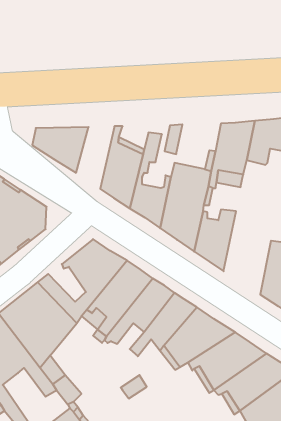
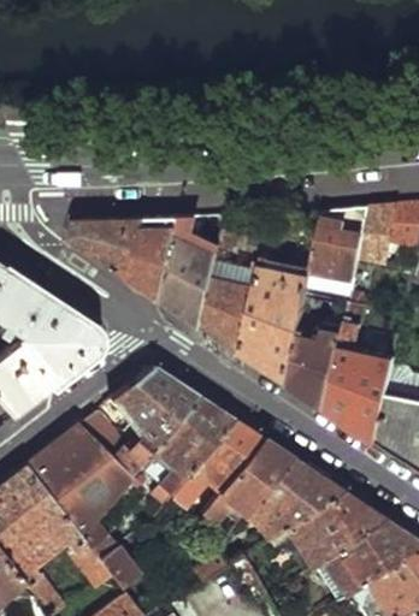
building: none -> [130,217,182,301]
building: none -> [329,303,396,443]

